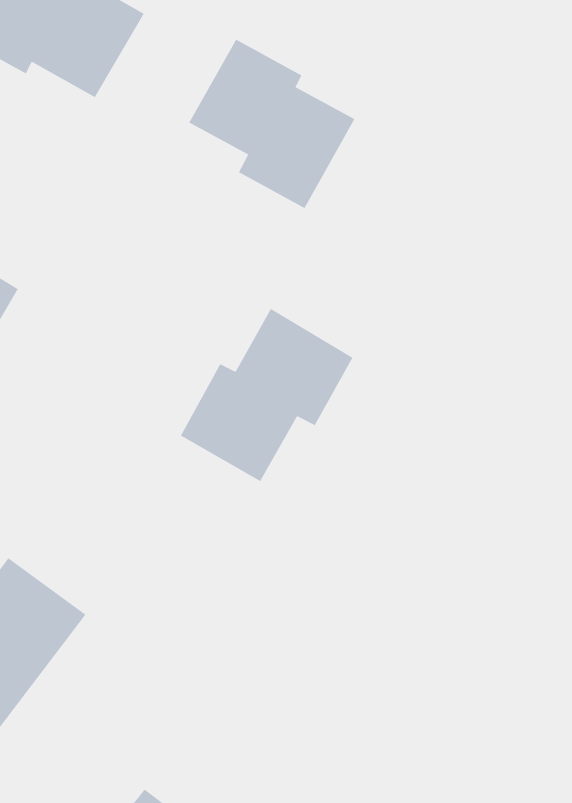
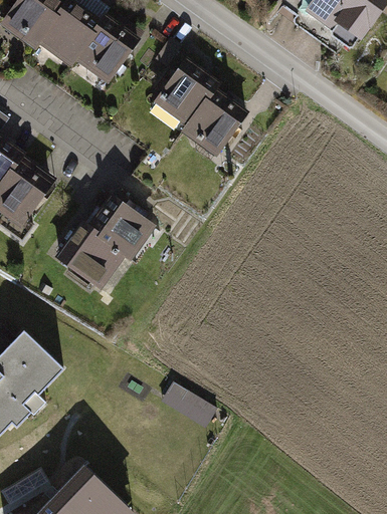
building: [180,308,354,482] -> [52,197,152,291]
building: none -> [166,381,219,426]

